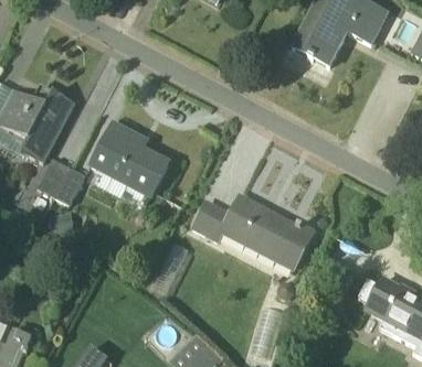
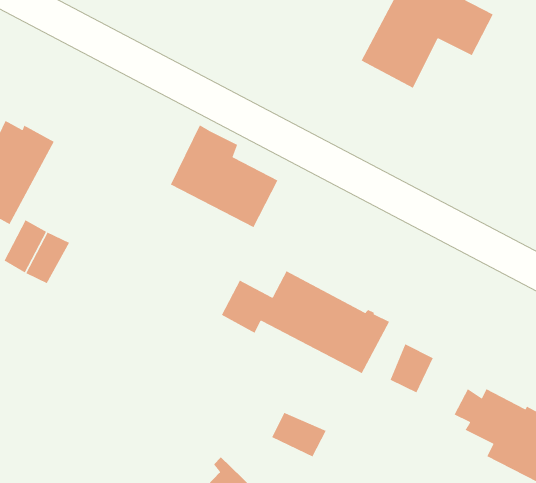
building: [91,122,168,196] -> [170,124,279,228]
building: none -> [389,343,434,394]
building: none -> [271,412,327,457]

